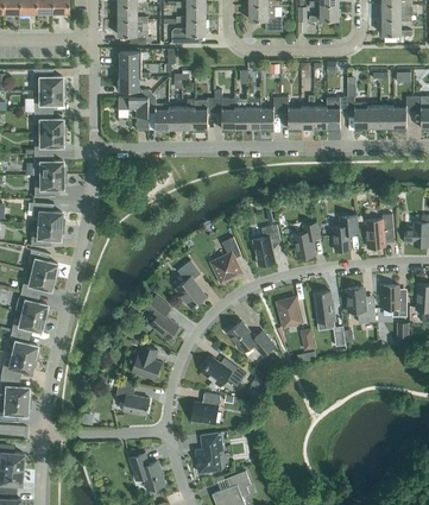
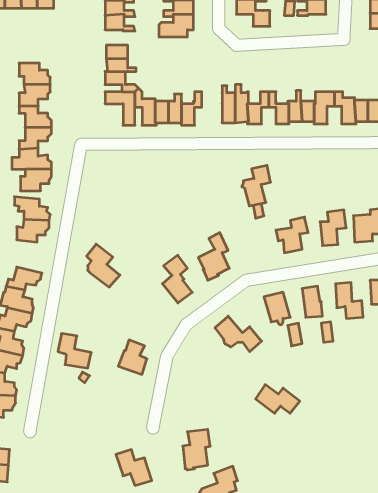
building: [215,89,235,130] -> none
building: [252,223,280,264] -> [242,165,271,206]
building: [27,248,58,277] -> none
building: [146,295,179,337] -> [87,244,120,287]
building: [202,356,246,385] -> [256,385,300,413]
building: [116,379,150,414] -> [58,334,91,368]
building: [191,392,221,423] -> none

